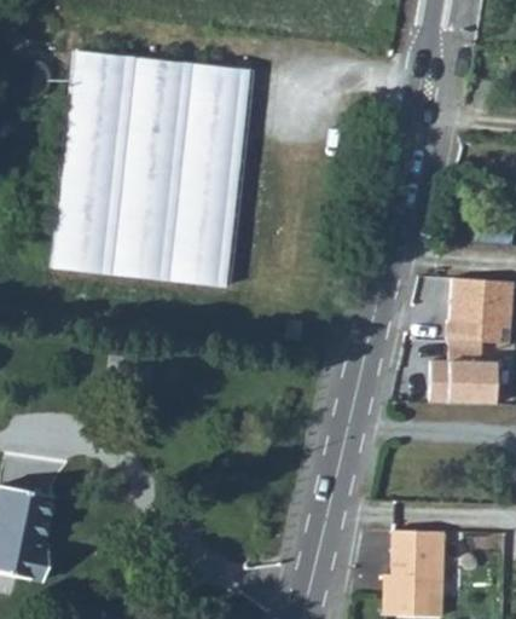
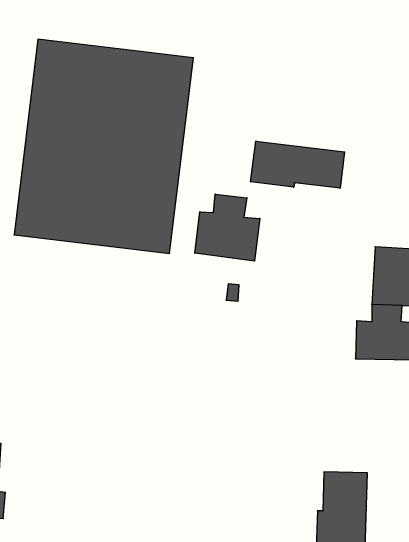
building: none -> [251,141,345,188]
building: none -> [195,194,260,261]

